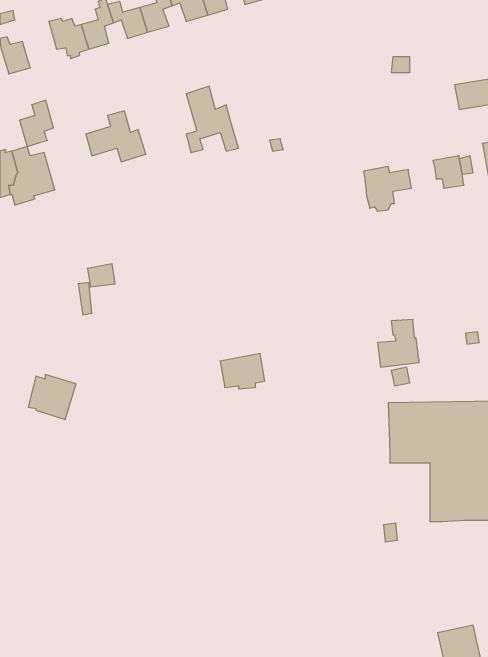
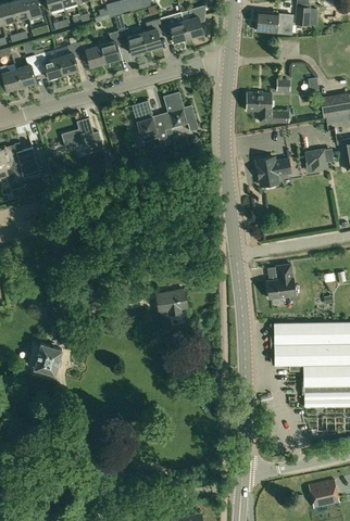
building: none -> [160,92,198,131]
building: none -> [246,93,288,124]
building: [19,100,53,146] -> [16,55,40,88]
building: [28,375,76,419] -> [28,343,62,374]

